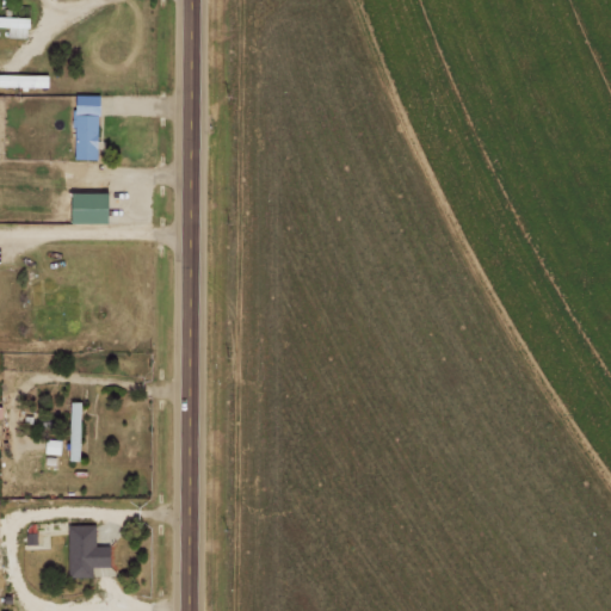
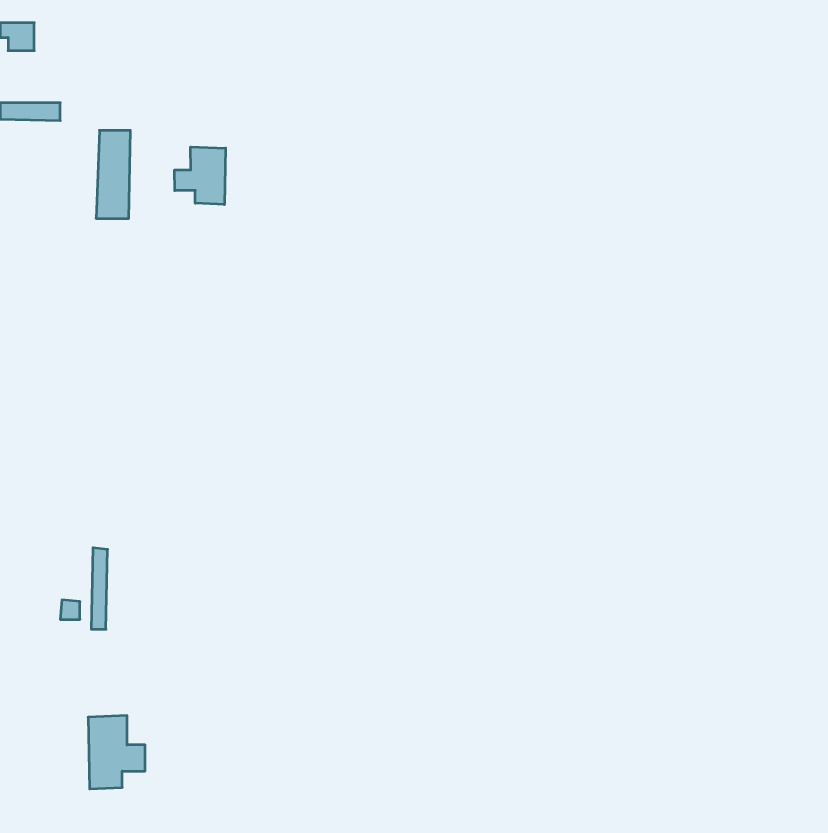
building: none -> [175,147,226,205]
building: [69,193,107,224] -> none

